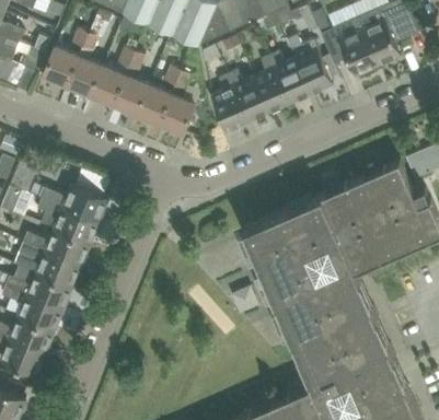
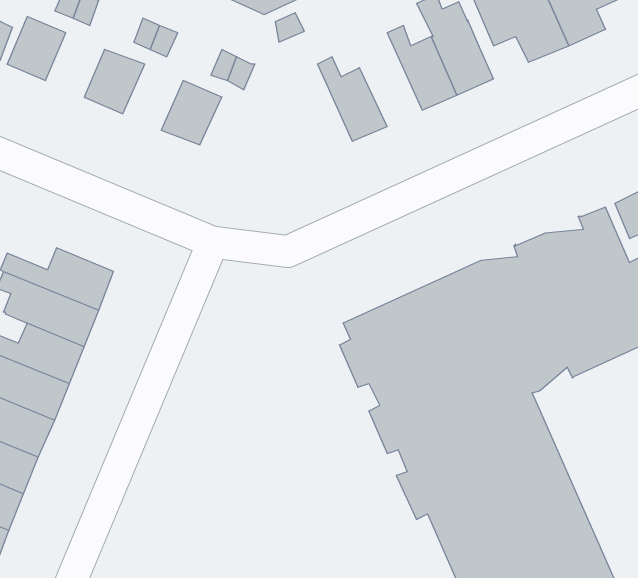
building: [66,56,101,94] -> none
building: [253,56,290,112] -> none
building: [112,74,148,114] -> none
building: [211,74,249,130] -> none
building: [158,94,194,132] -> none

